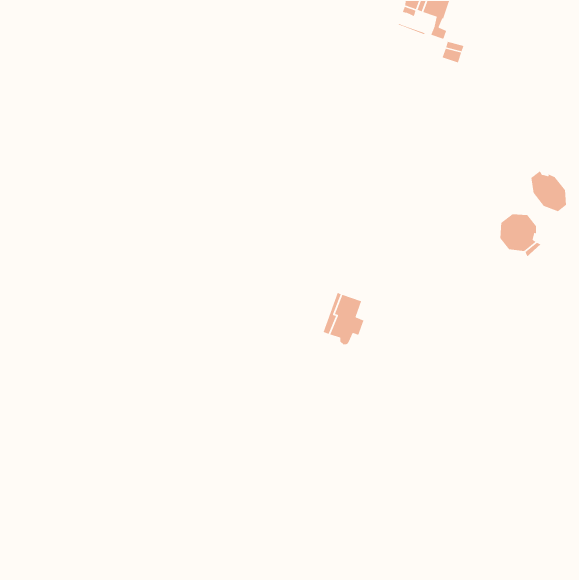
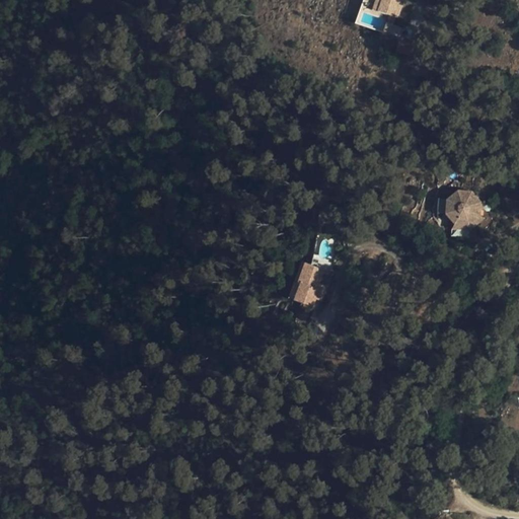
building: [531,170,567,212] -> none

